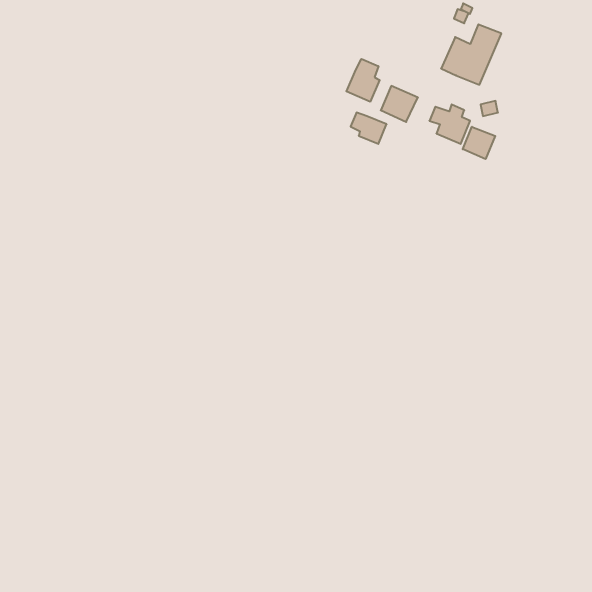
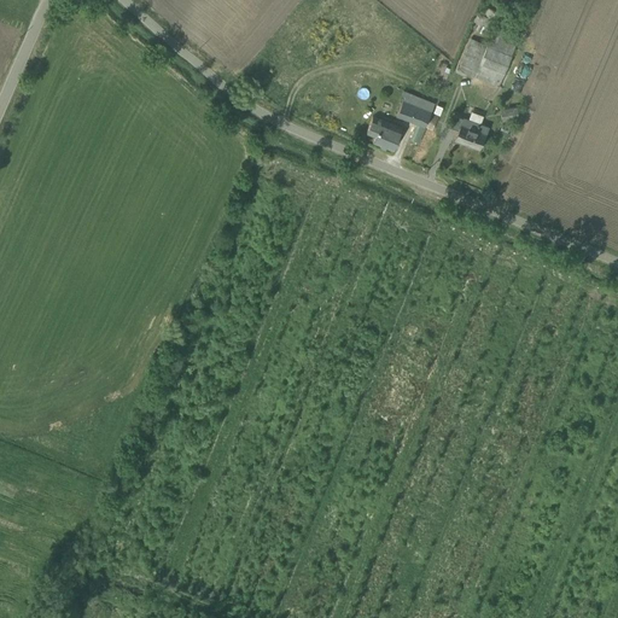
building: [346,59,380,102] -> none
building: [463,127,495,159] -> none

